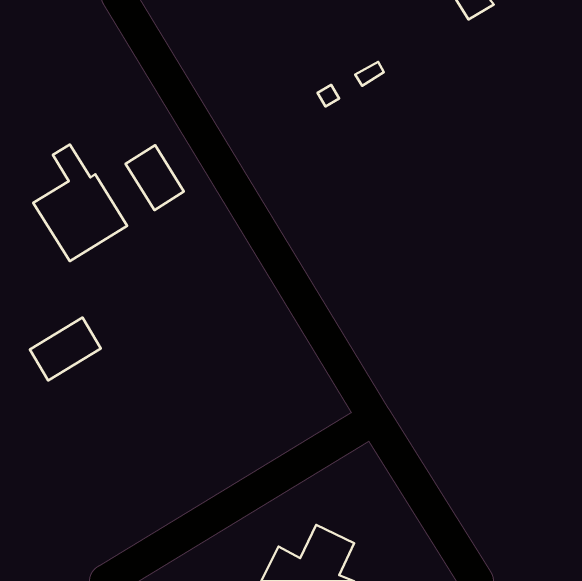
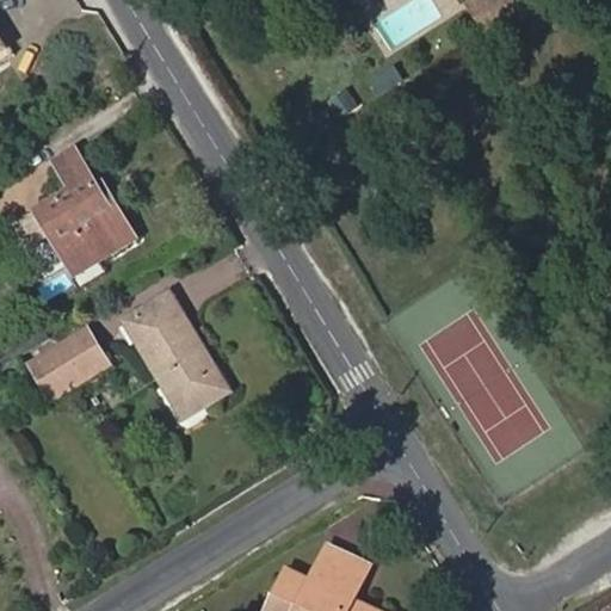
building: [126,145,184,210] -> none
building: none -> [122,292,226,414]

